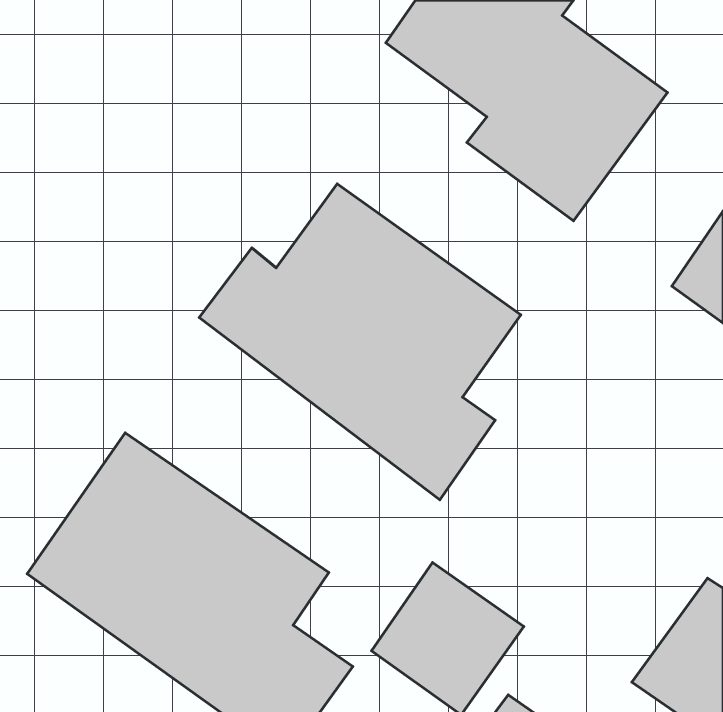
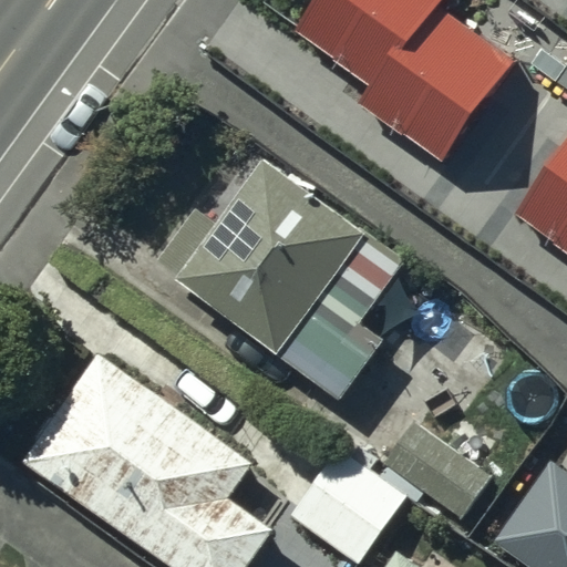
building: none -> [379,421,516,523]

